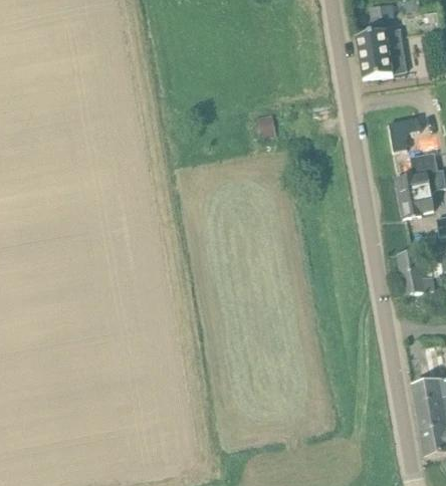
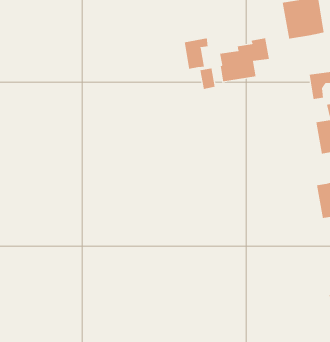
building: none -> [220,38,269,82]
building: none -> [184,38,208,69]

